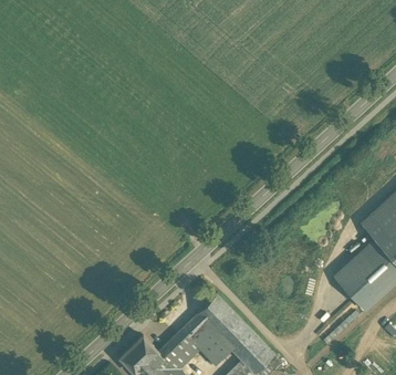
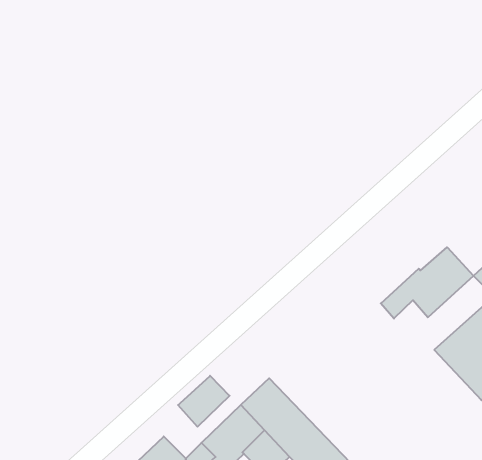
building: none -> [381,247,474,319]
building: none -> [178,376,230,427]

